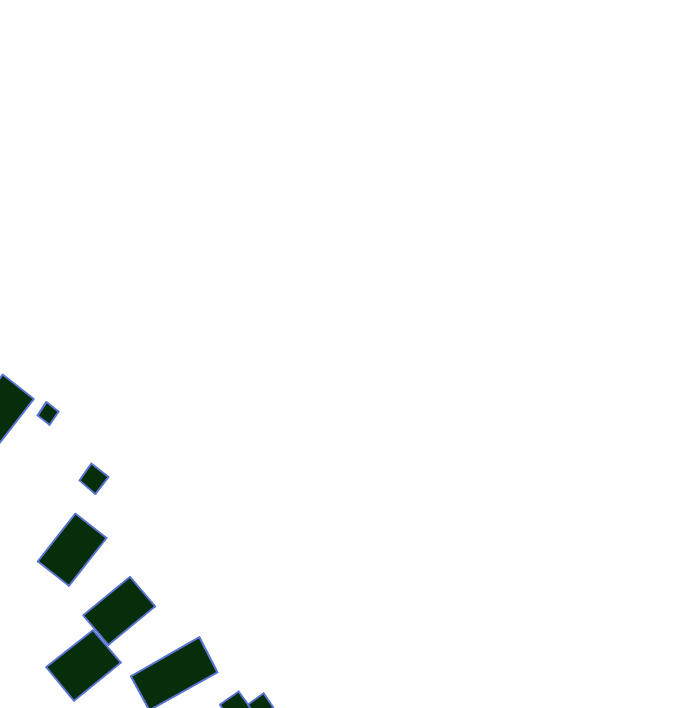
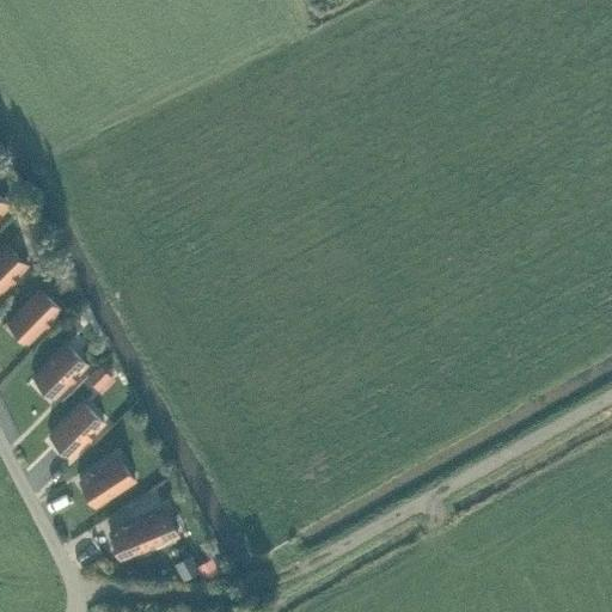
building: none -> [32,345,86,400]
building: [46,630,121,701] -> none

